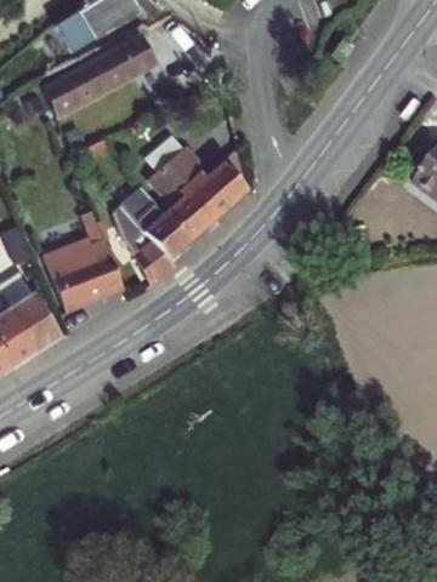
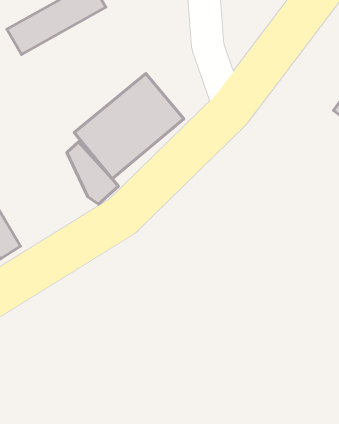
building: [44,232,120,310] -> none

